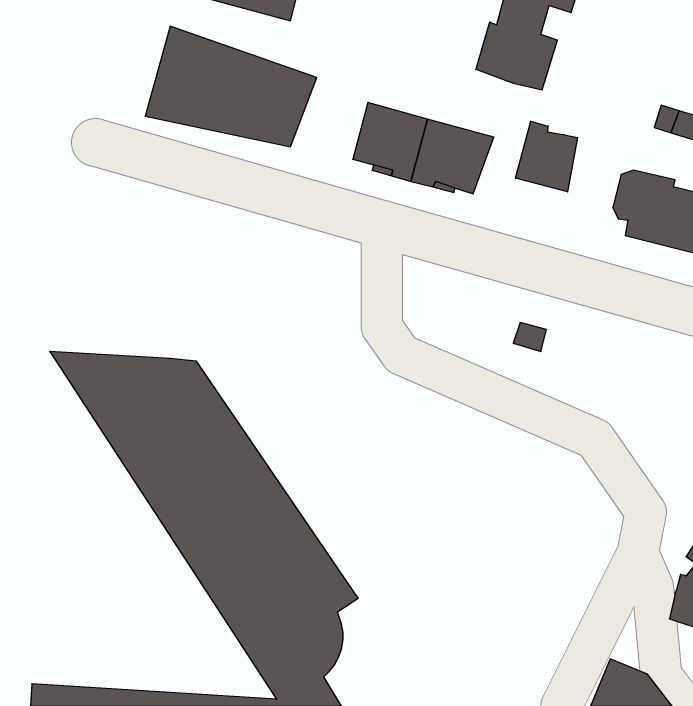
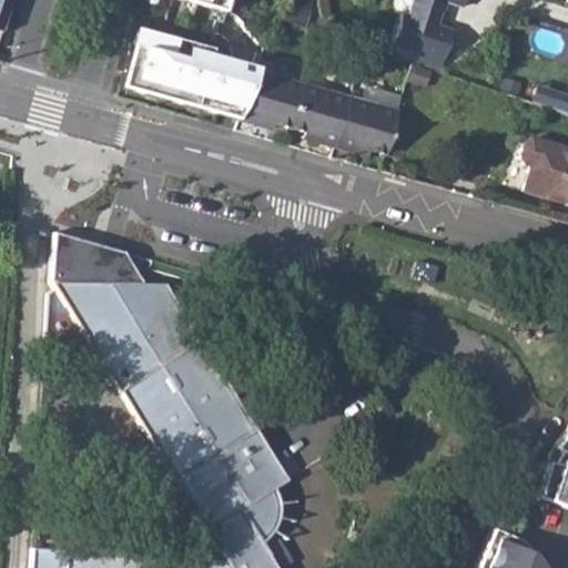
building: none -> [244,70,306,128]
building: [516,121,578,192] -> none
building: none -> [51,233,148,287]

